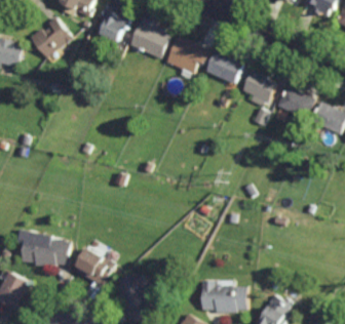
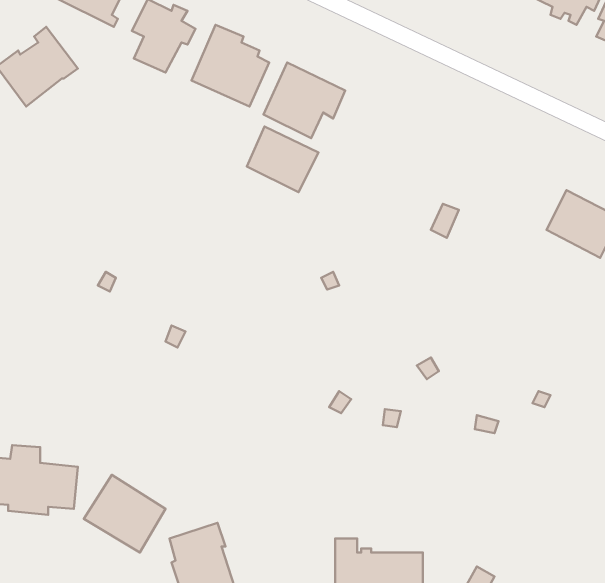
building: [205,49,242,83] -> [247,127,318,192]
building: [240,69,274,106] -> none
building: [275,85,316,120] -> none

